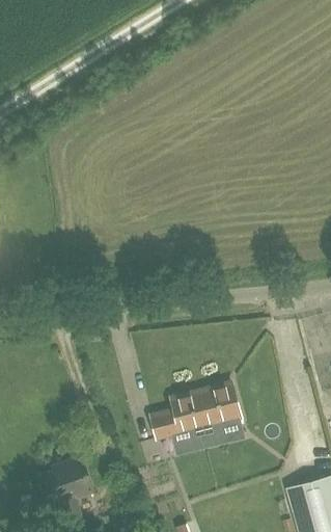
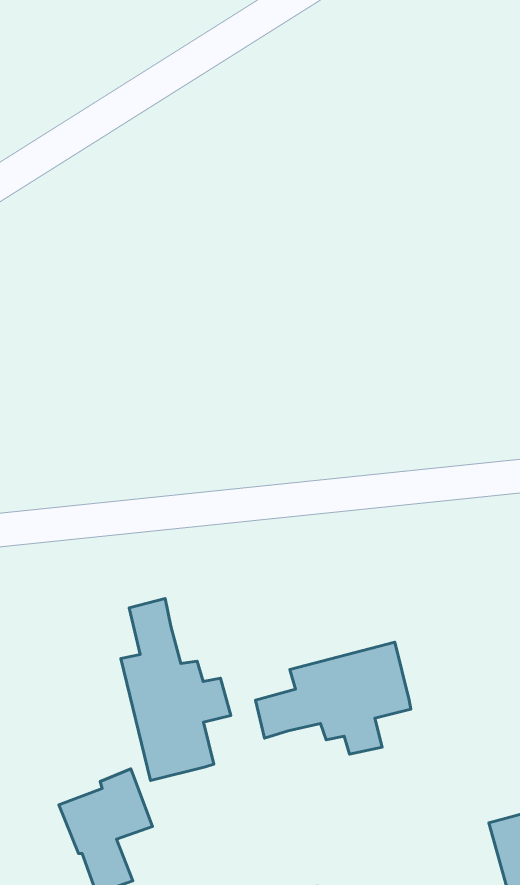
building: none -> [121,598,231,780]

